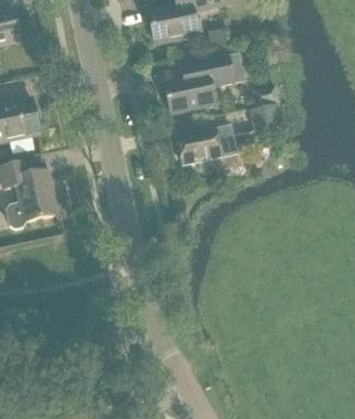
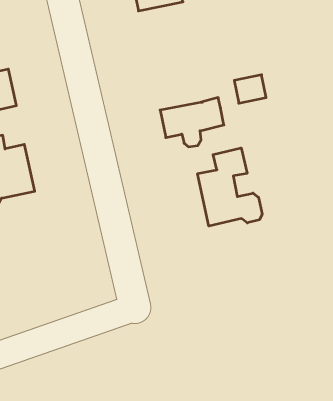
building: [164,52,244,114] -> none
building: none -> [198,148,262,226]

